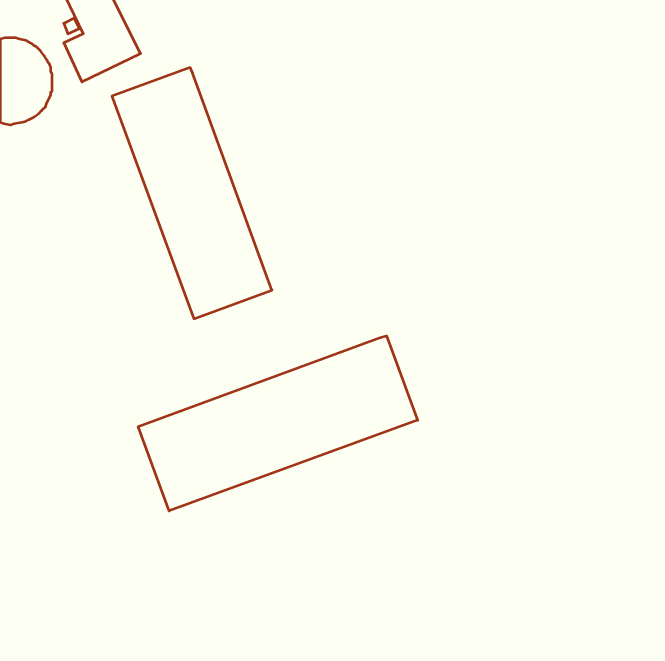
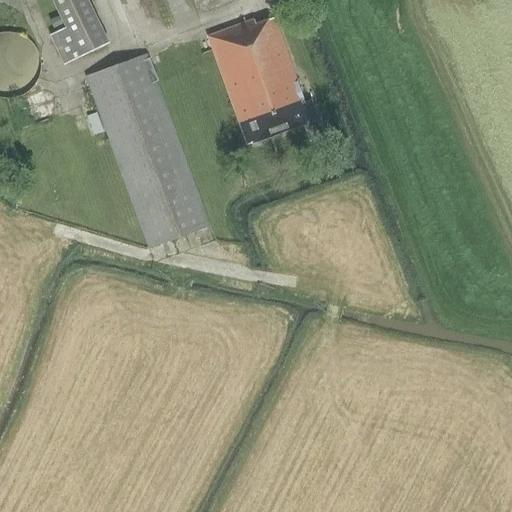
building: none -> [208,15,318,142]
building: [138,336,418,511] -> none

